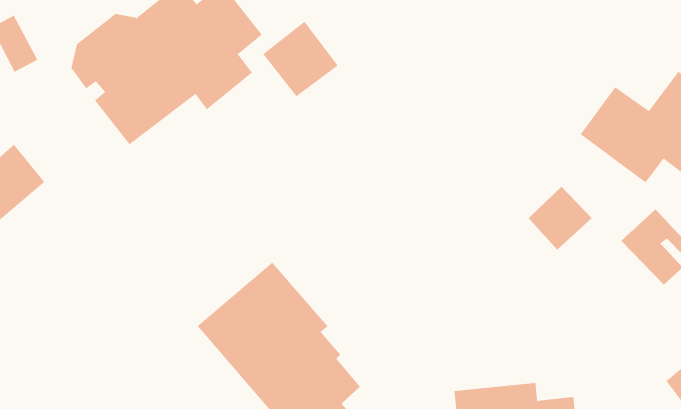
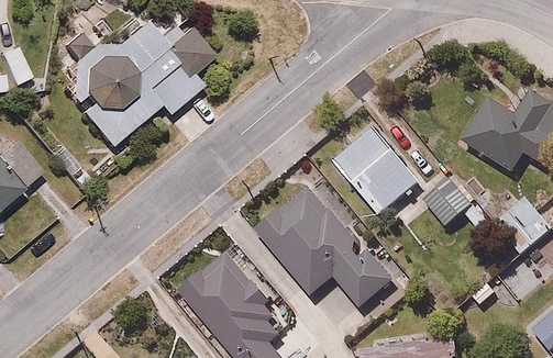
building: [262,21,339,97] -> none
building: none -> [330,122,422,215]
building: none -> [259,186,396,312]

